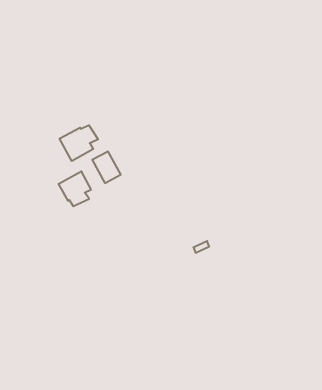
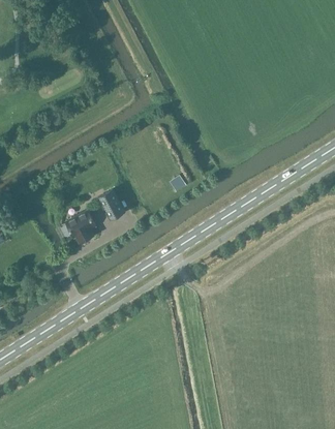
building: [60,125,98,161] -> none

